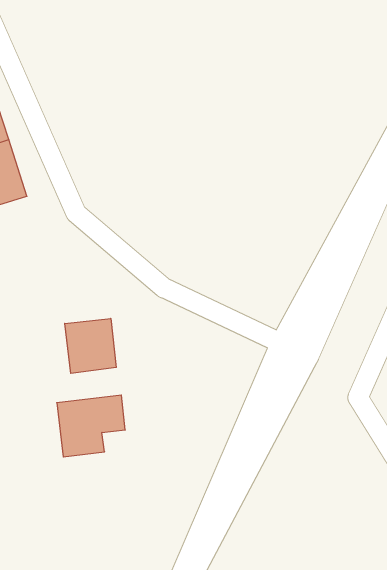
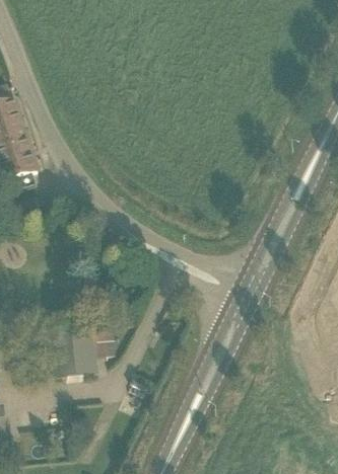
building: [65,318,116,373] -> none

